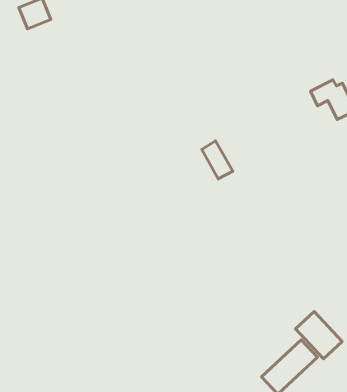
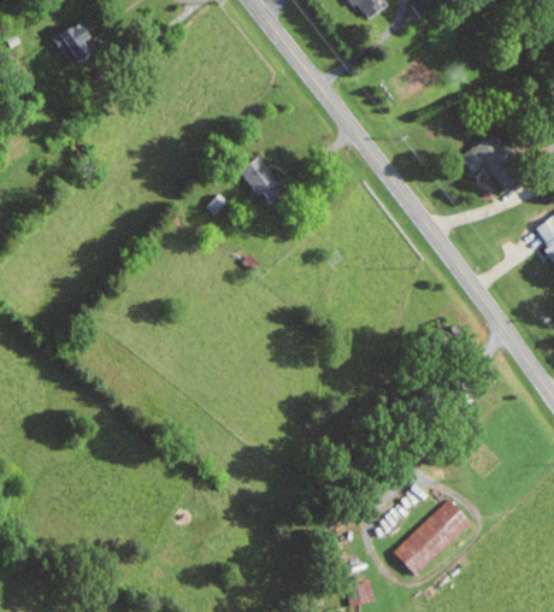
building: [202,141,233,179] -> [243,155,287,208]
building: [295,312,342,359] -> none

